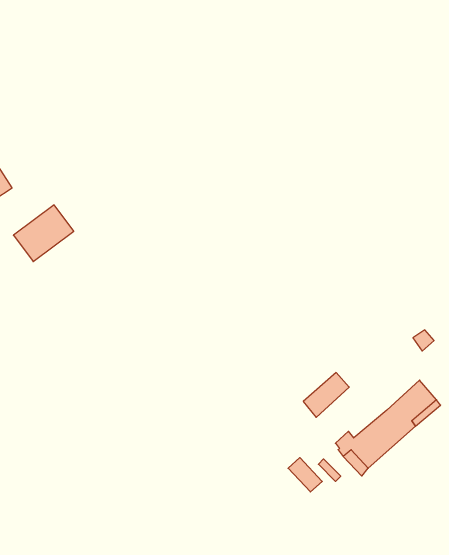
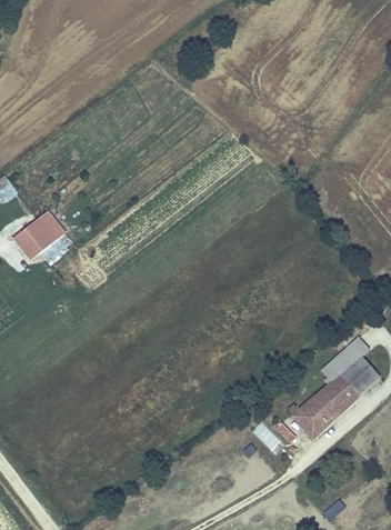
building: [303,373,349,417] -> [322,344,361,382]

